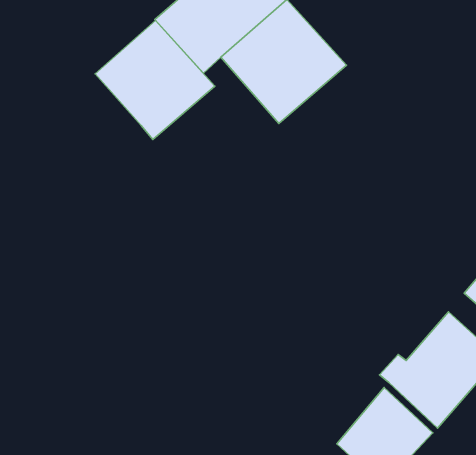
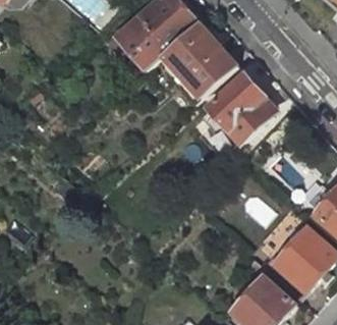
building: [95,20,215,140] -> none
building: none -> [208,73,270,143]

